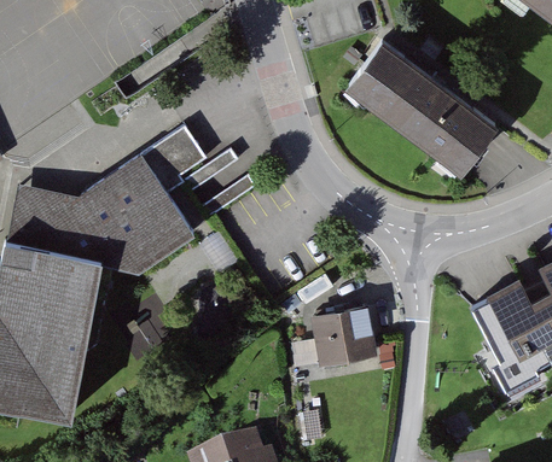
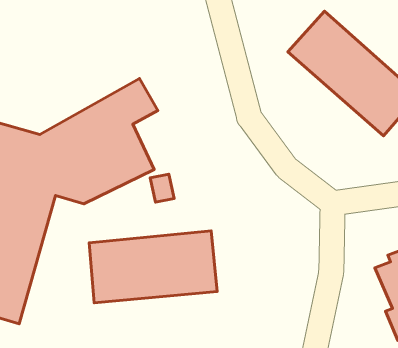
building: none -> [89,231,217,303]
building: [306,312,374,374] -> none

